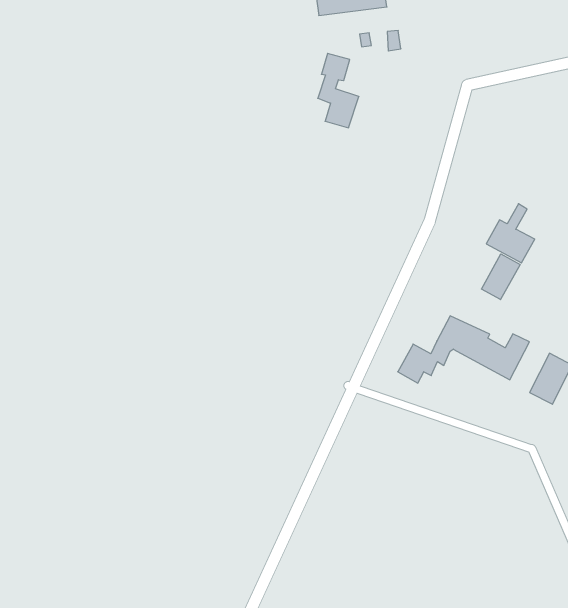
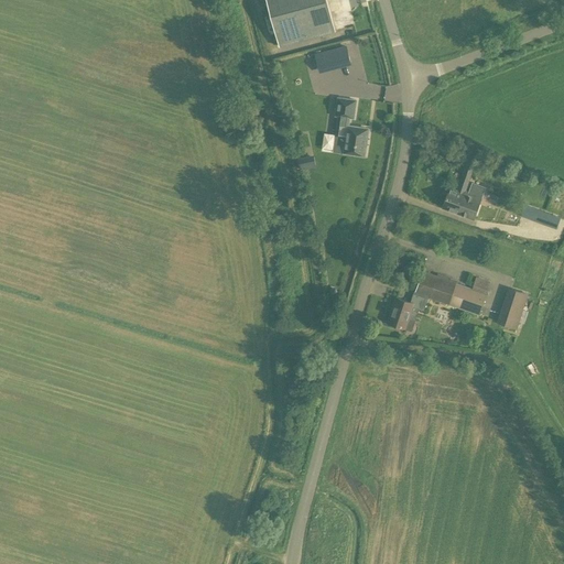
building: [318,53,359,128] -> [336,98,369,155]
building: [481,254,520,300] -> none

